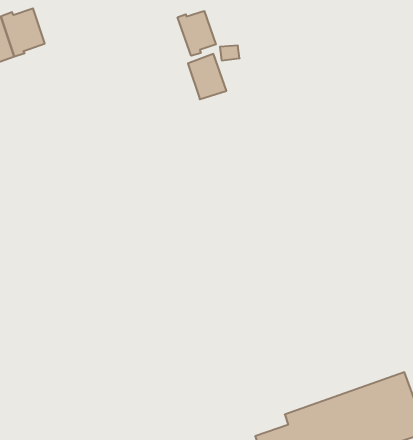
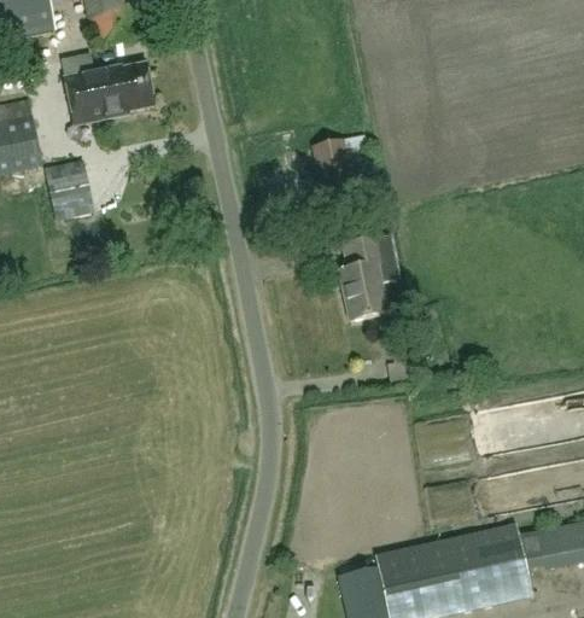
building: [178,11,216,56] -> none
building: none -> [339,233,398,319]

